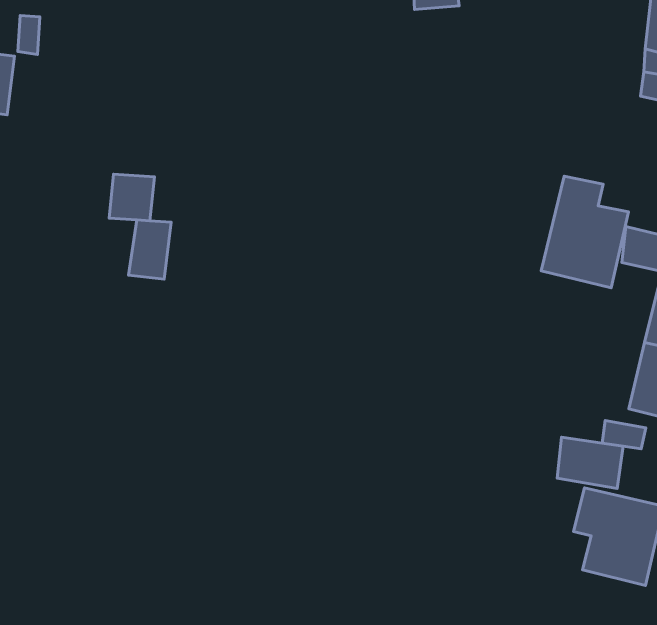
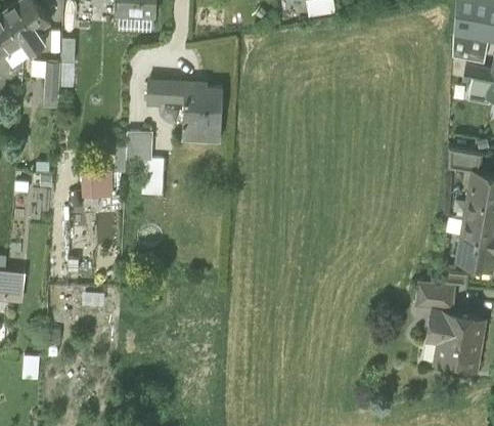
building: none -> [147,83,222,142]
building: [541,176,629,288] -> none
building: none -> [81,172,113,198]

